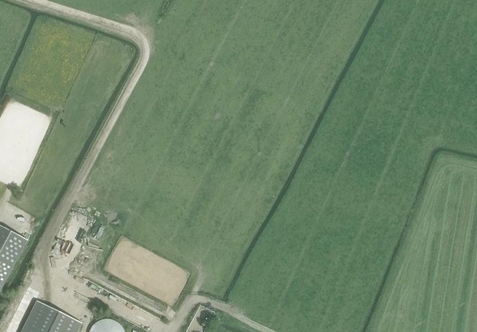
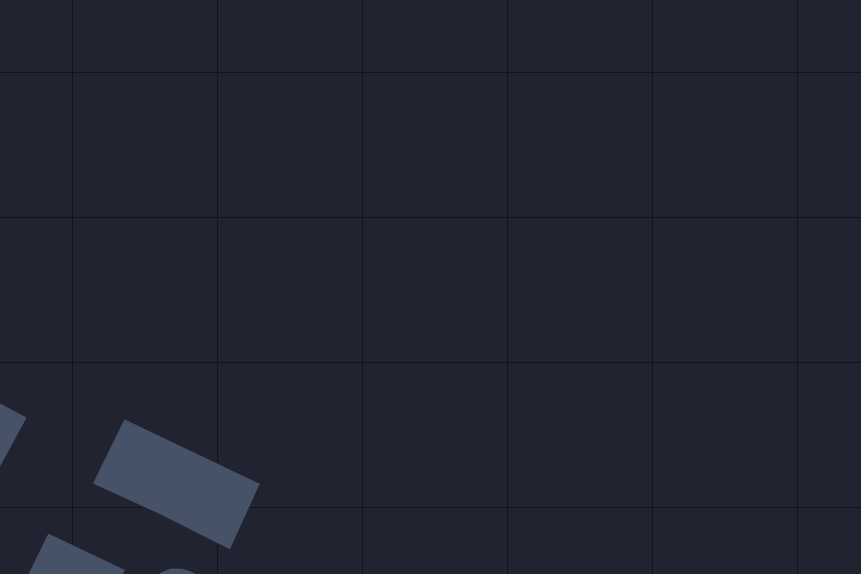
building: none -> [92,418,261,550]

